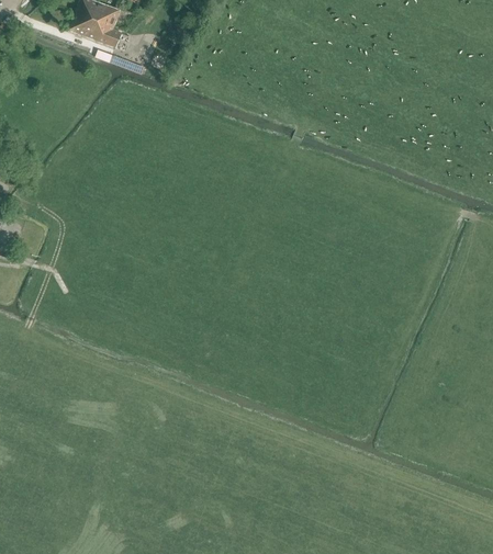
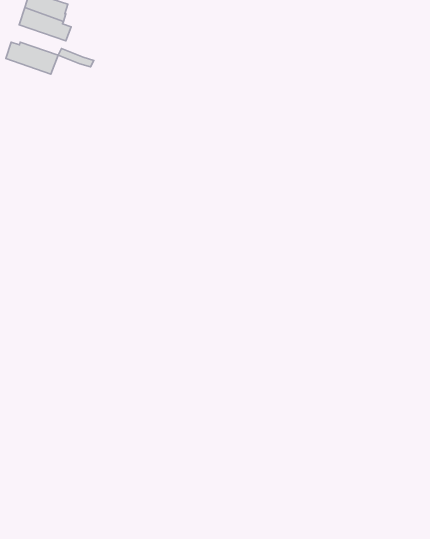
building: none -> [6,42,58,74]

